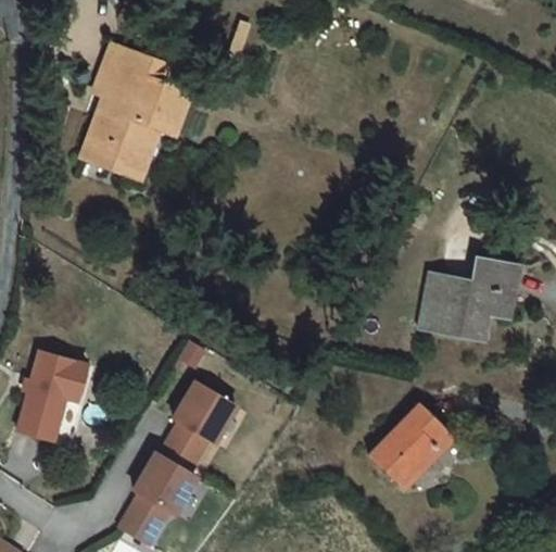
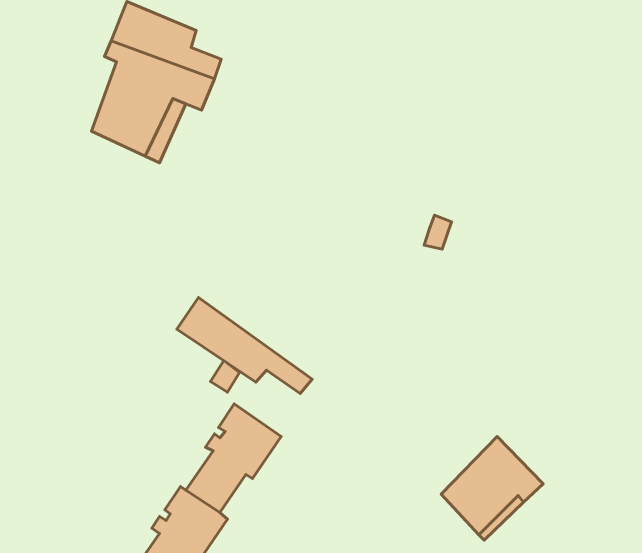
building: [422,260,517,338] -> none
building: none -> [177,298,312,394]
building: [13,347,86,439] -> none

